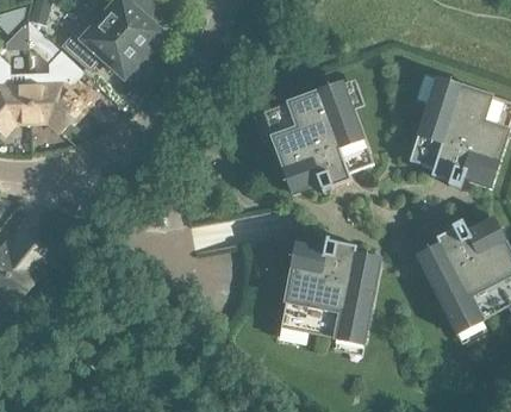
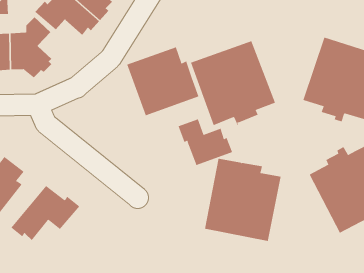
building: none -> [127,46,199,116]
building: none -> [178,119,233,166]
building: none -> [10,185,80,241]

